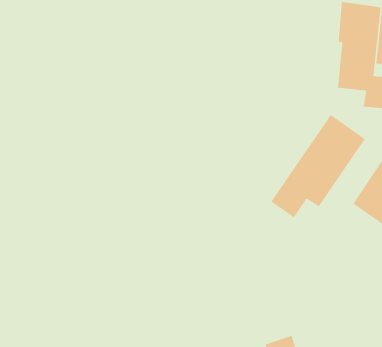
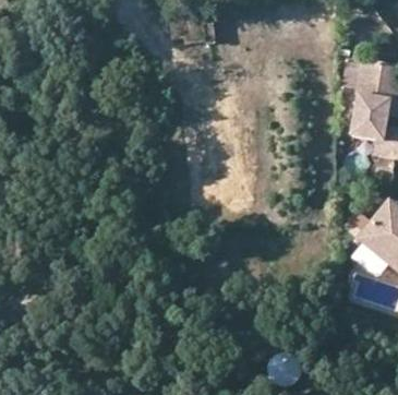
building: [270,114,366,218] -> none

